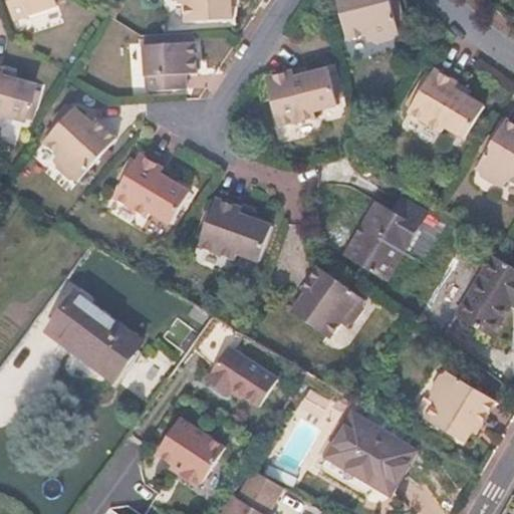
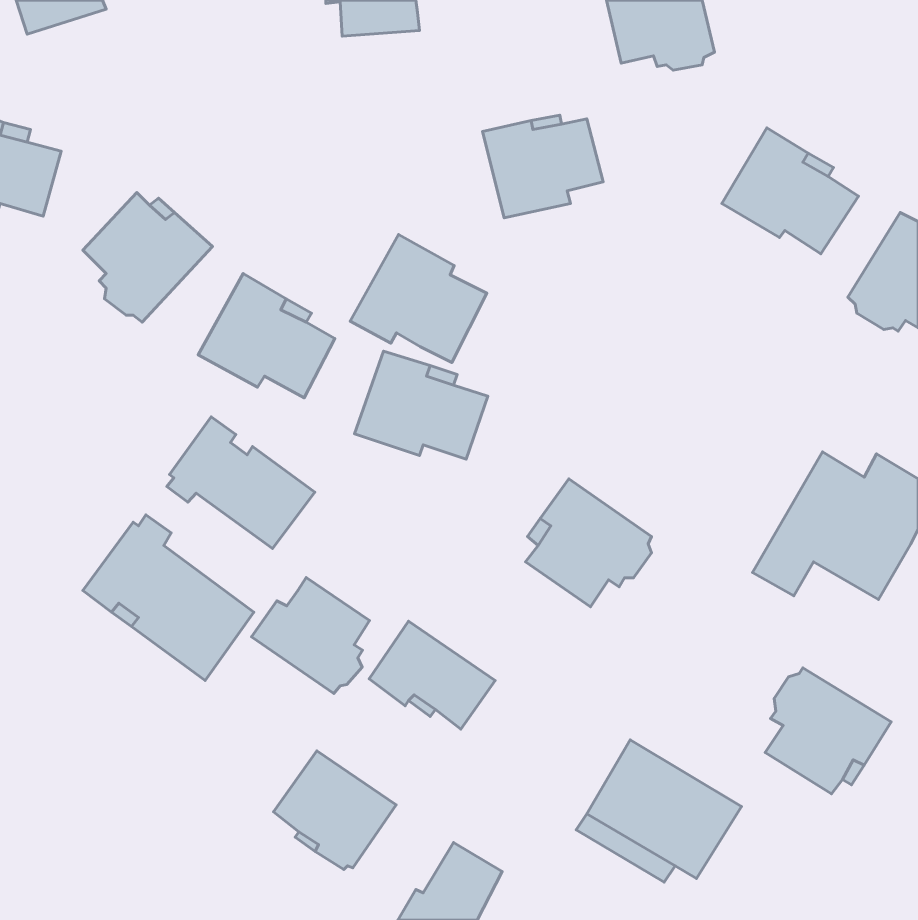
building: [147,40,200,91] -> none
building: none -> [350,235,487,362]
building: [343,198,426,282] -> none
building: none -> [167,417,315,548]
building: none -> [251,578,369,693]

